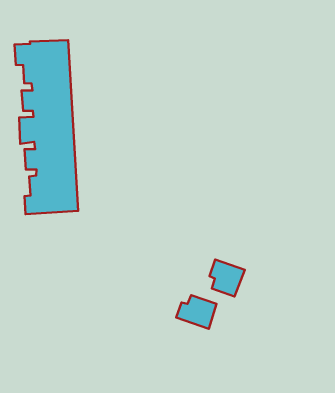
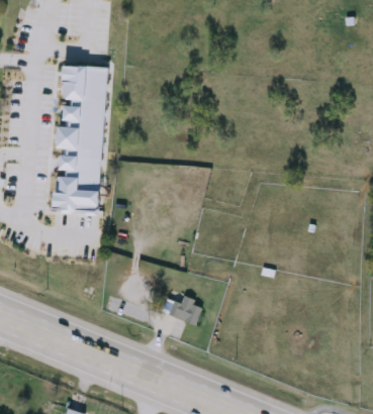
building: [209,260,245,297] -> none

